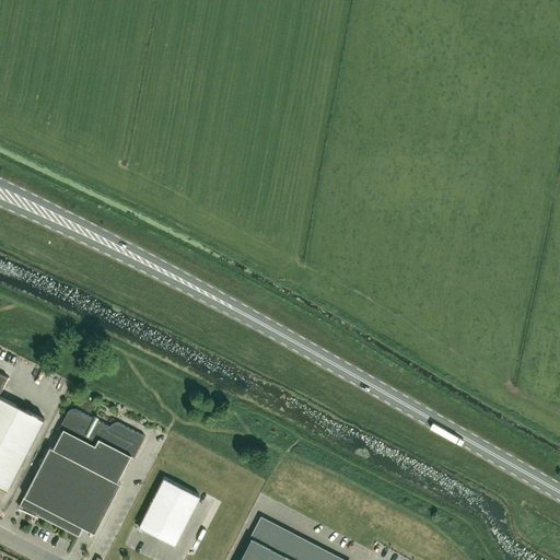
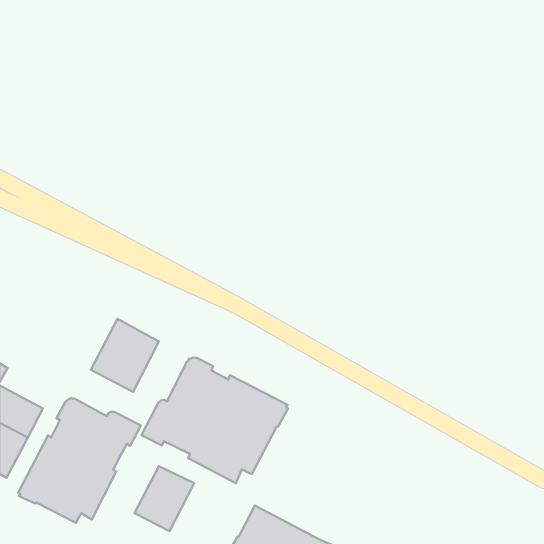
building: none -> [91,319,159,392]
building: none -> [142,358,288,483]

